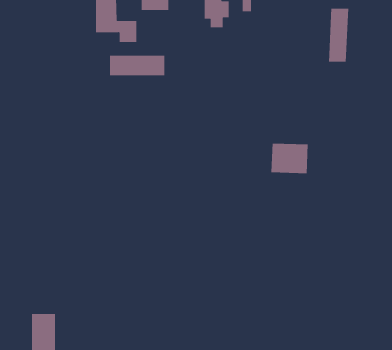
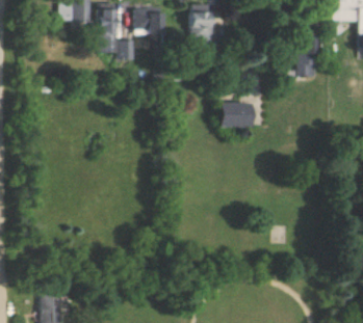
building: [109,55,165,76] -> none
building: [270,143,309,174] -> [217,102,250,128]

